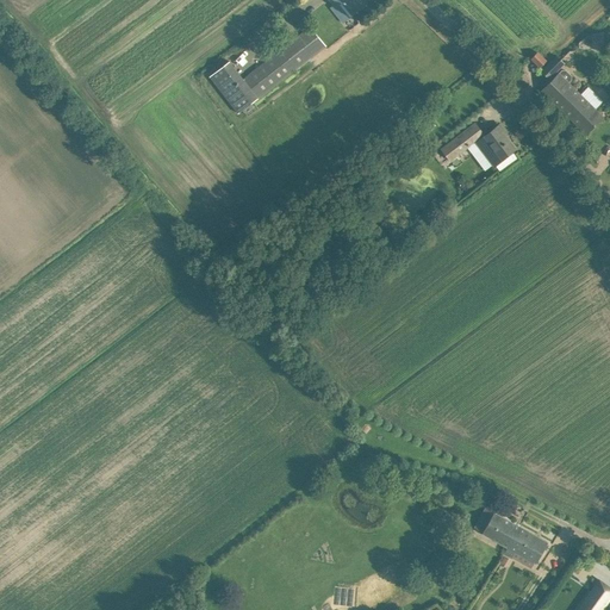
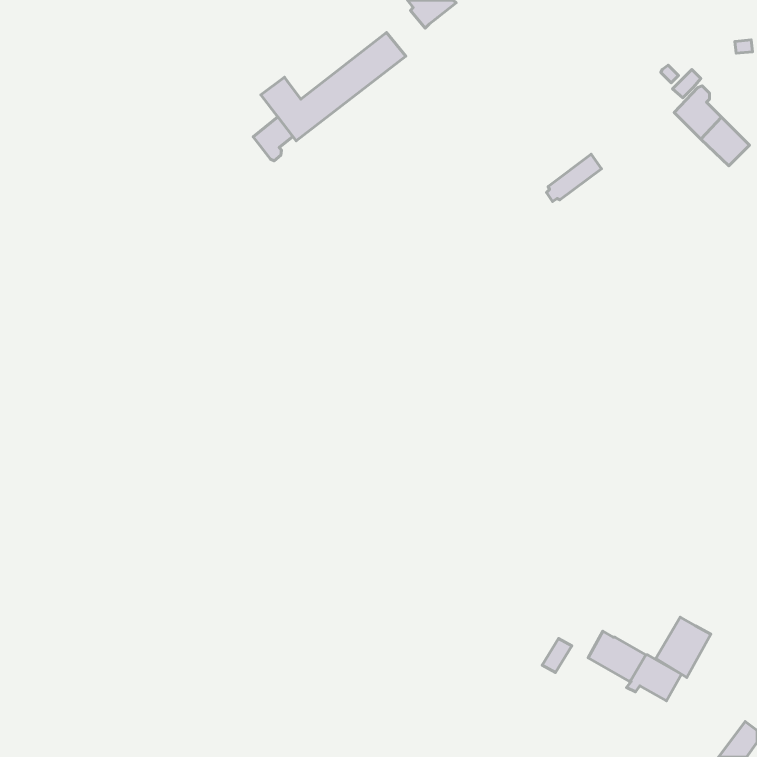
building: none -> [253,117,293,161]
building: [475,125,513,166] -> none
building: none -> [656,617,711,677]

